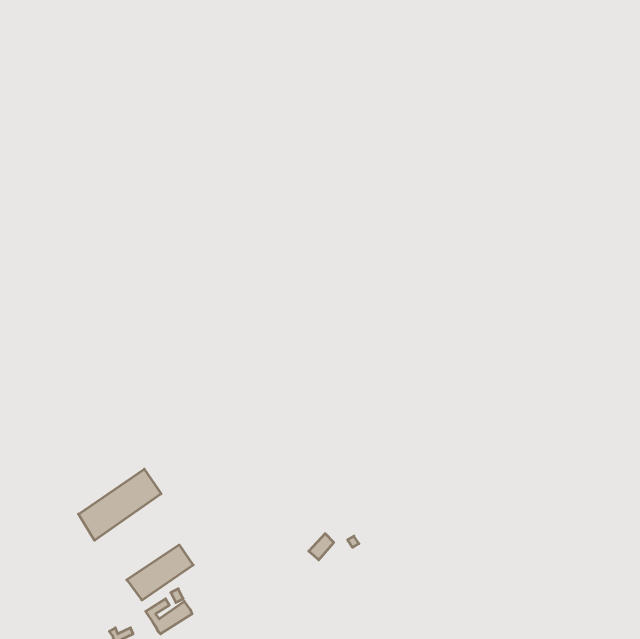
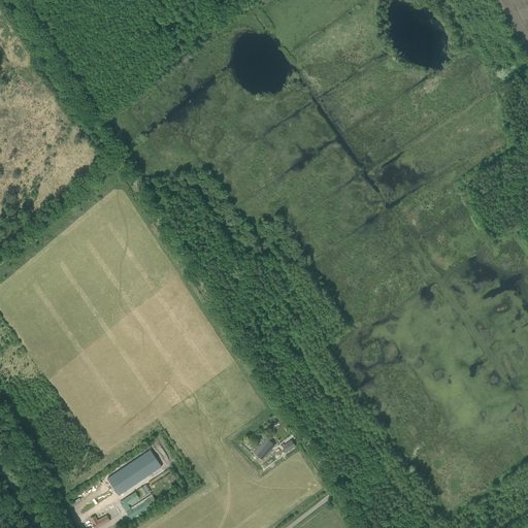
building: [78,469,161,540] -> none

